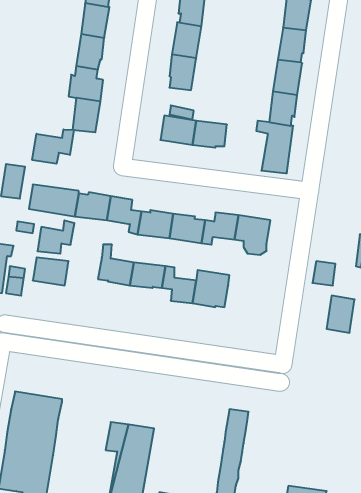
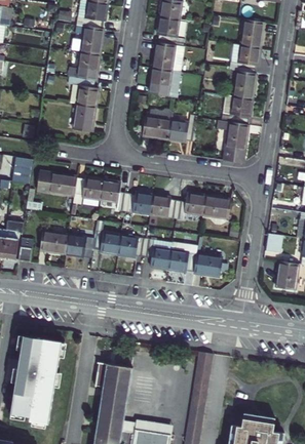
building: [32,129,74,164] -> none
building: [37,220,74,254] -> [65,228,94,254]
building: none -> [193,252,222,275]

